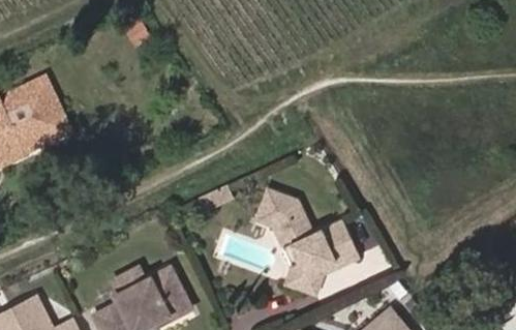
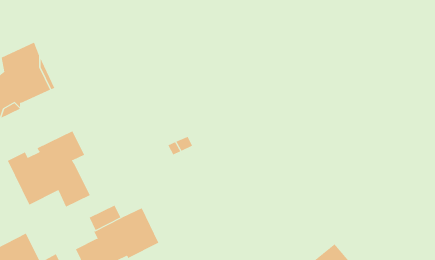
building: none -> [7,131,91,207]
building: [254,187,358,294] -> none

